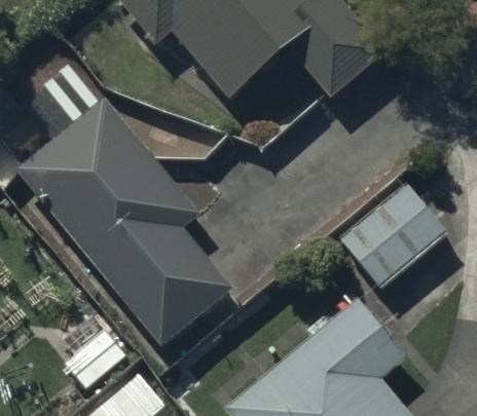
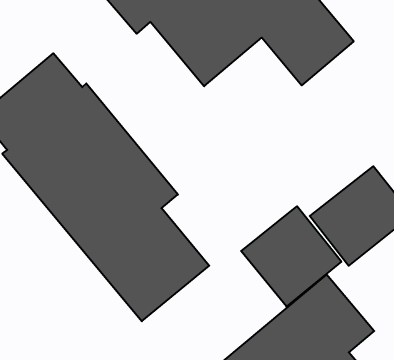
building: none -> [241,206,341,307]

